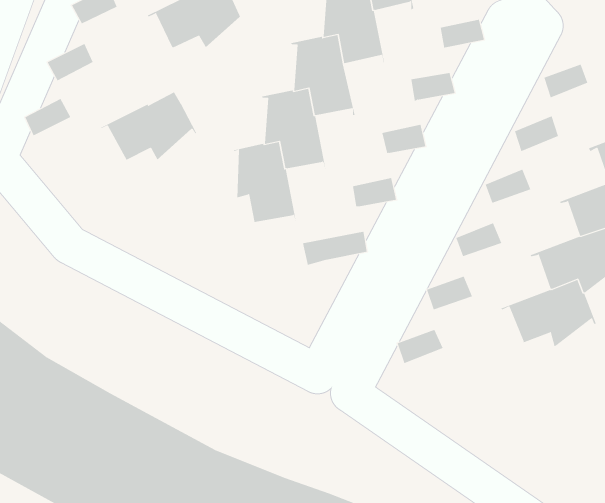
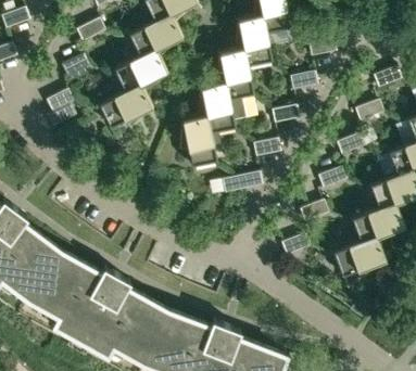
building: none -> [110,47,172,90]
building: none -> [329,233,390,286]

